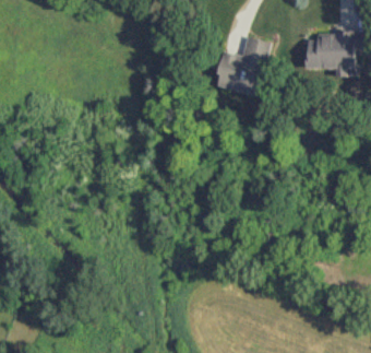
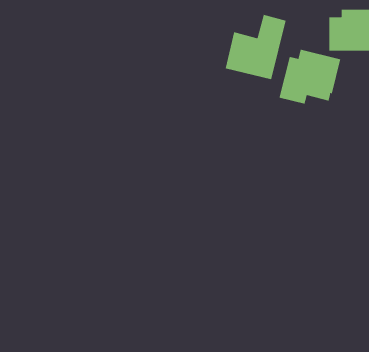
building: none -> [279,49,341,105]

